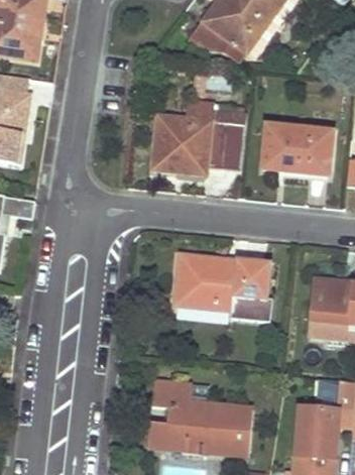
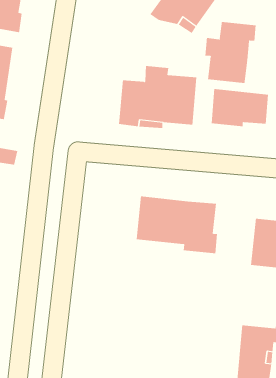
building: none -> [205,21,256,84]
building: [147,380,252,456] -> none

